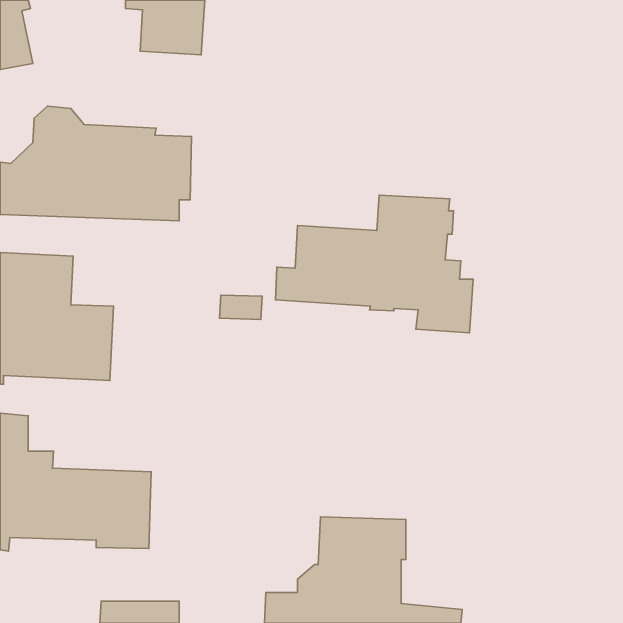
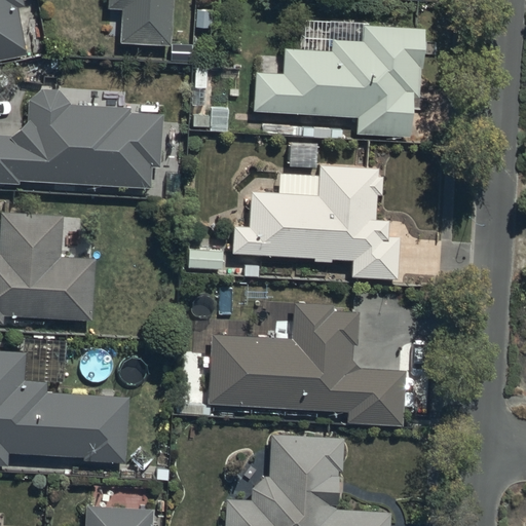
building: none -> [251,26,425,139]
building: none -> [209,303,404,425]

